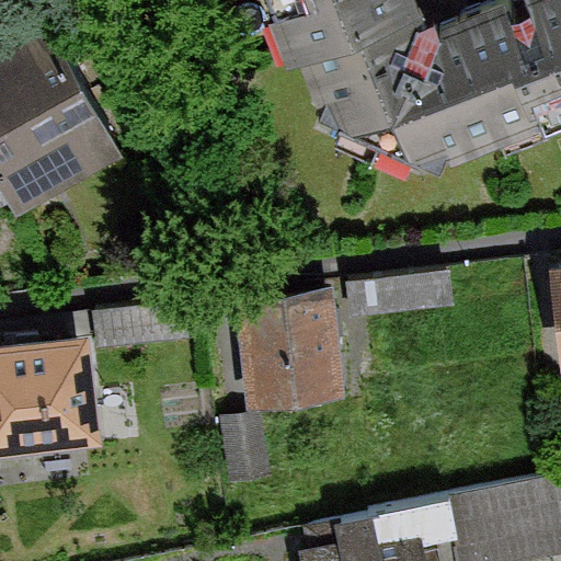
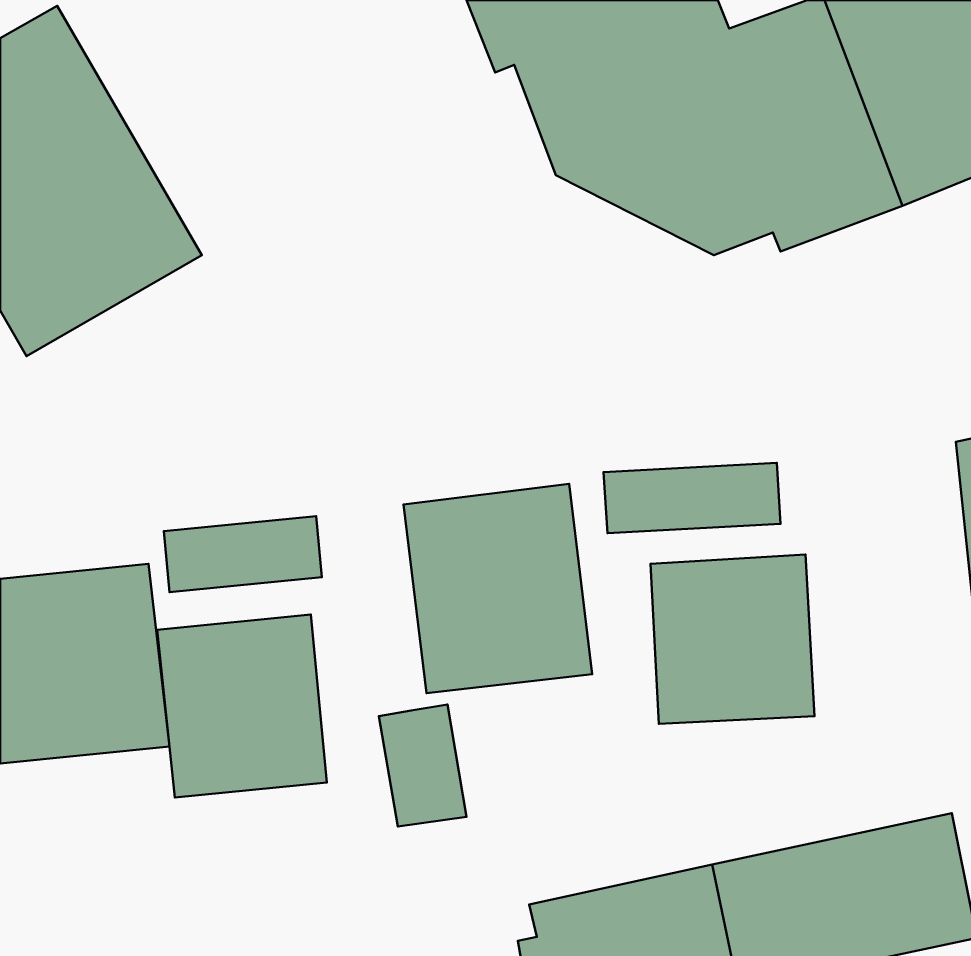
building: none -> [650,554,814,724]
building: none -> [157,615,327,797]

